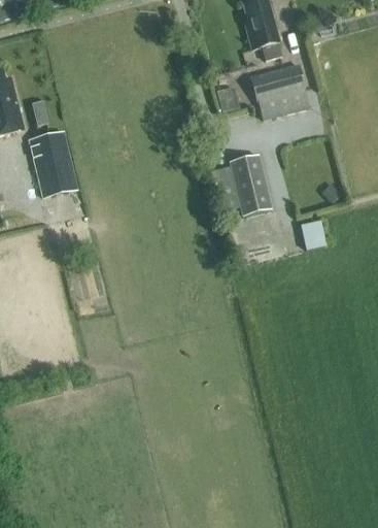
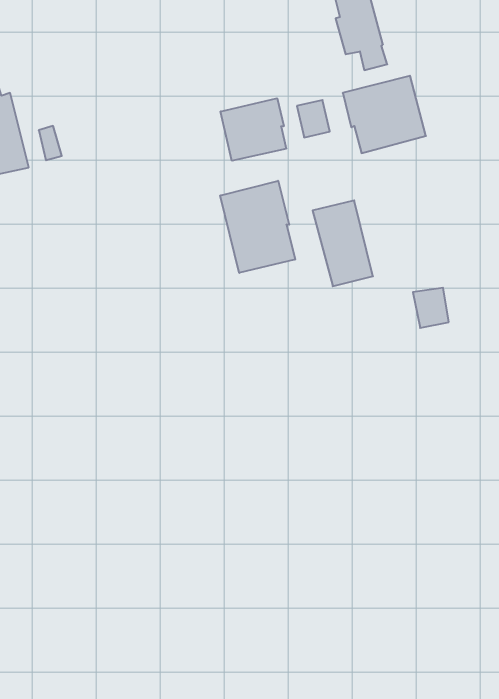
building: none -> [221,98,286,161]
building: [28,131,77,198] -> none
building: none -> [220,181,295,273]

